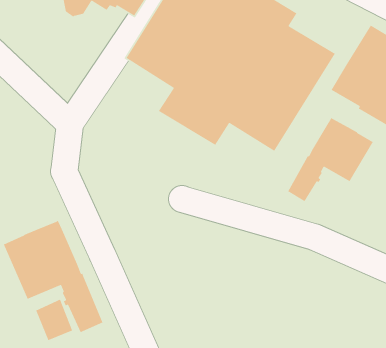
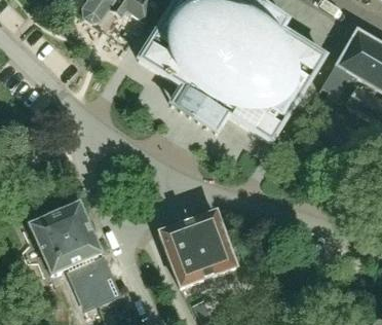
building: [287,117,374,202] -> none
building: none -> [161,210,237,286]

